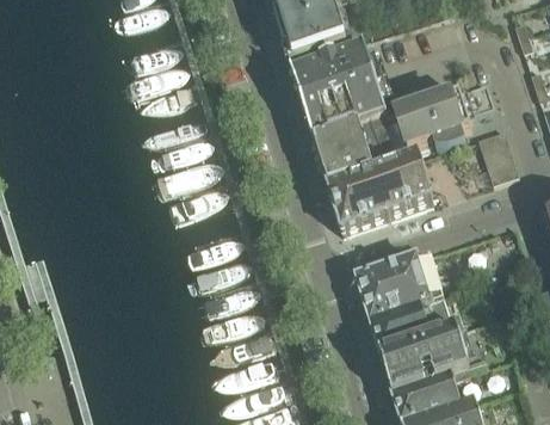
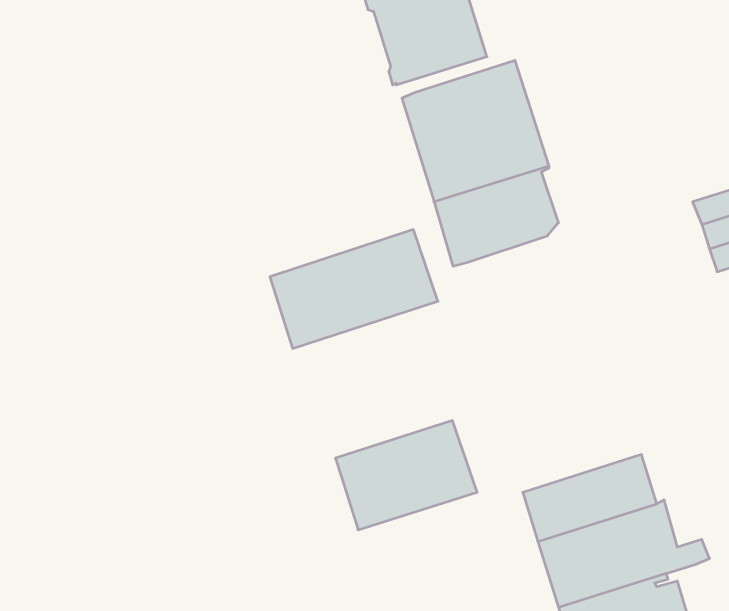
building: [395,82,495,147] -> none
building: [328,156,434,232] -> [270,230,438,348]
building: [356,252,445,321] -> [335,421,477,530]

